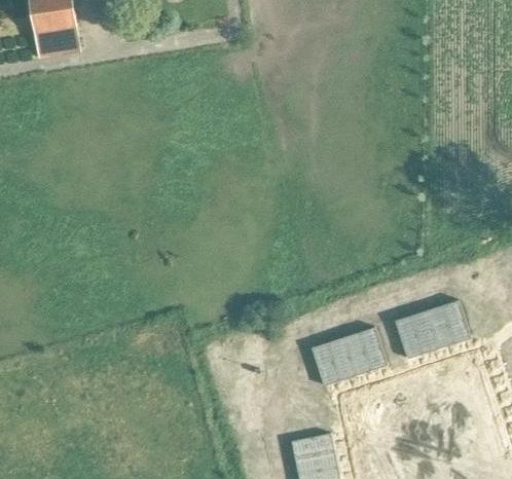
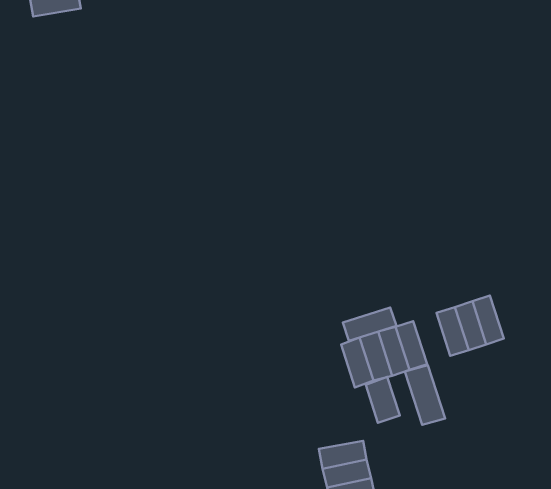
building: [442,299,471,342] -> none
building: none -> [343,307,396,341]
building: none -> [405,365,445,425]
building: none -> [366,377,400,423]

